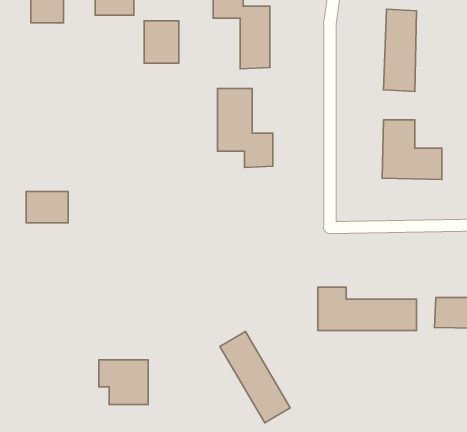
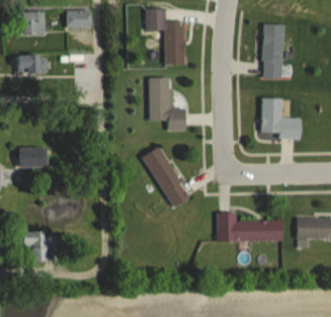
building: [144,21,179,63] -> none
building: none -> [16,54,39,72]
building: [220,332,290,423] -> [143,146,190,208]
building: [99,360,148,405] -> [23,231,57,261]

